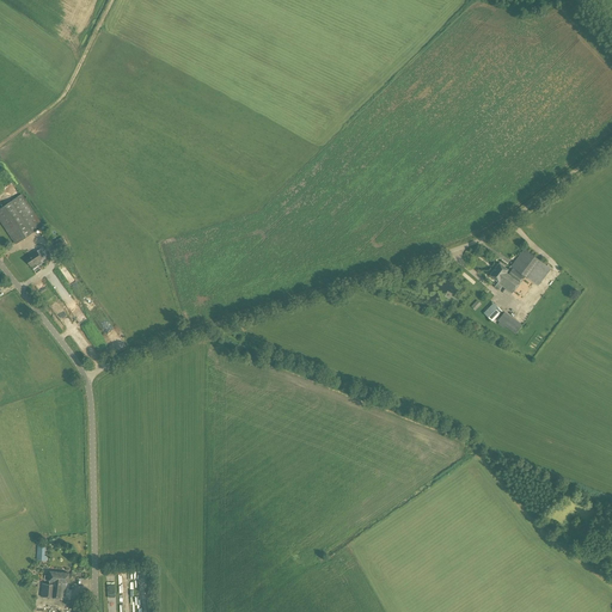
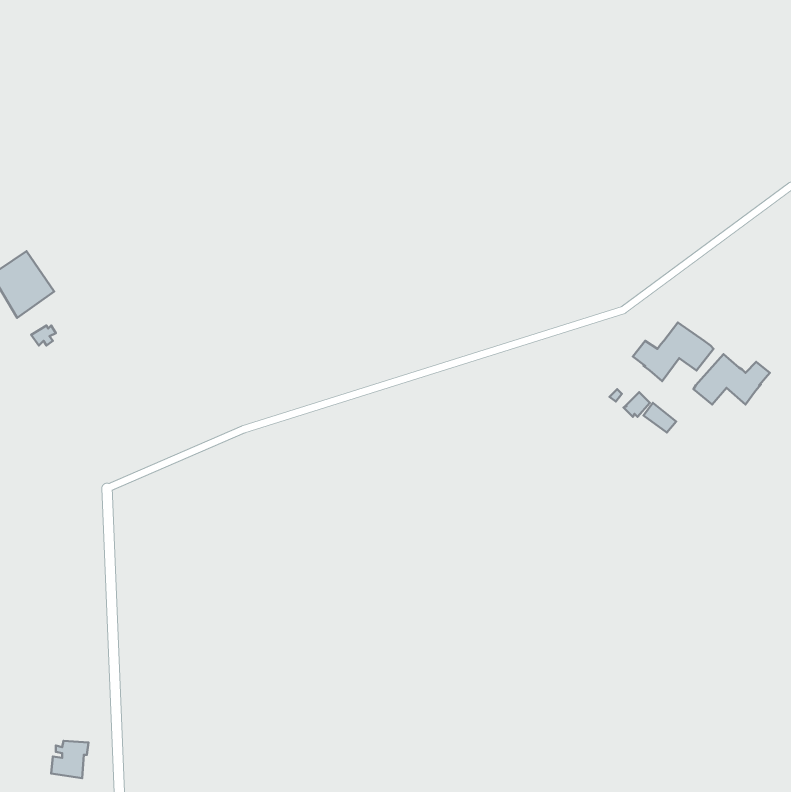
building: none -> [693,354,770,405]

